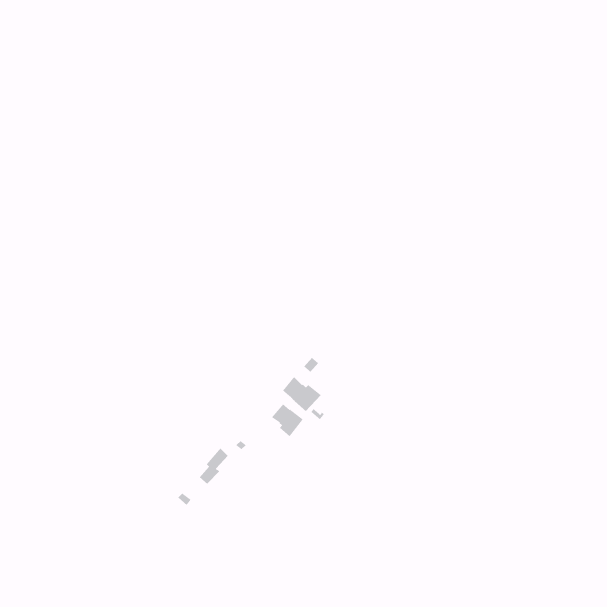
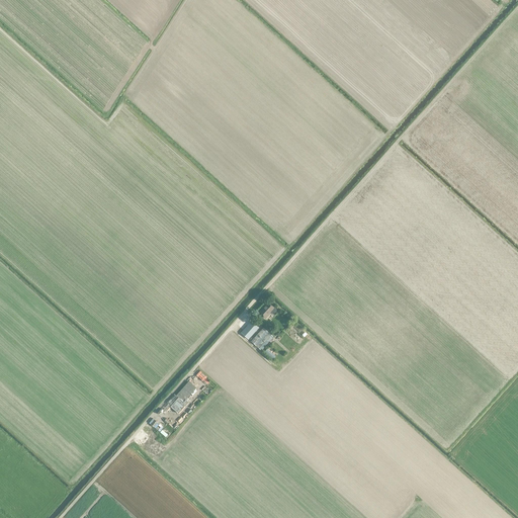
building: [271,403,303,437] -> none

